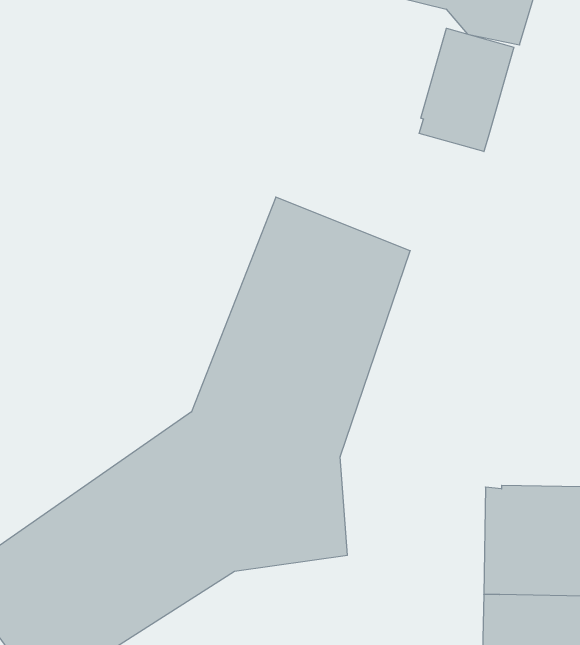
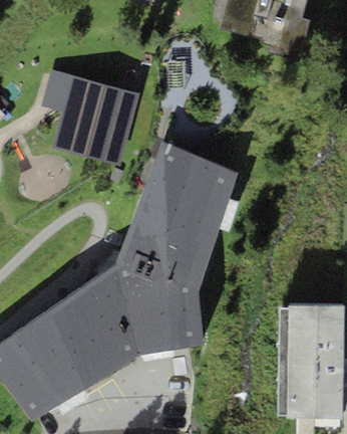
building: [419,28,514,152] -> none
building: none -> [42,71,138,166]

